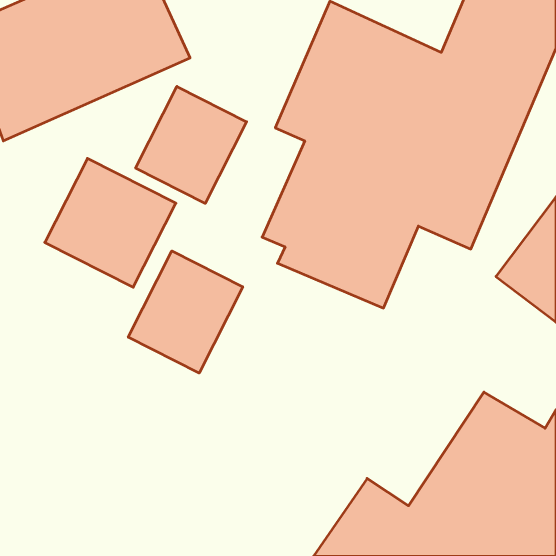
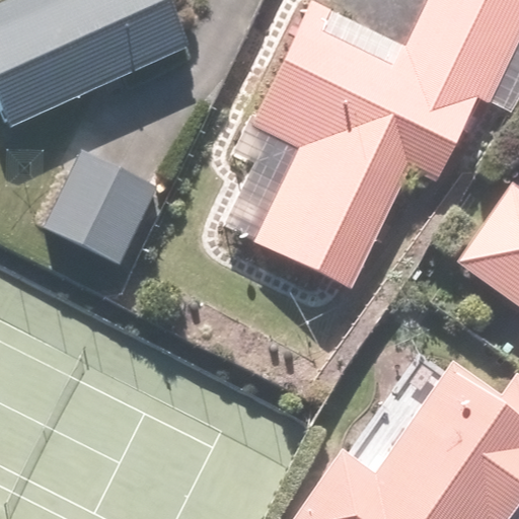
building: [136,86,247,203] -> none
building: [128,251,243,373] -> none

